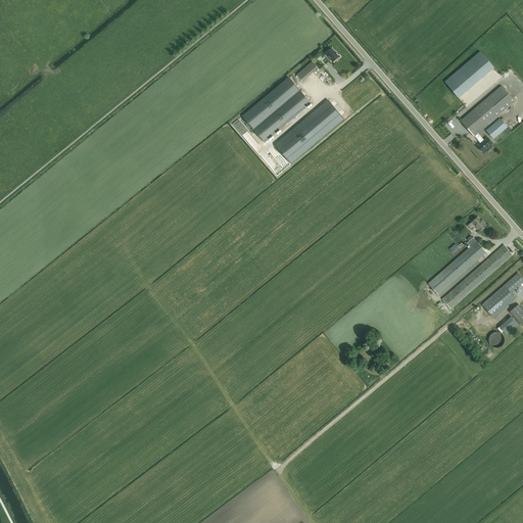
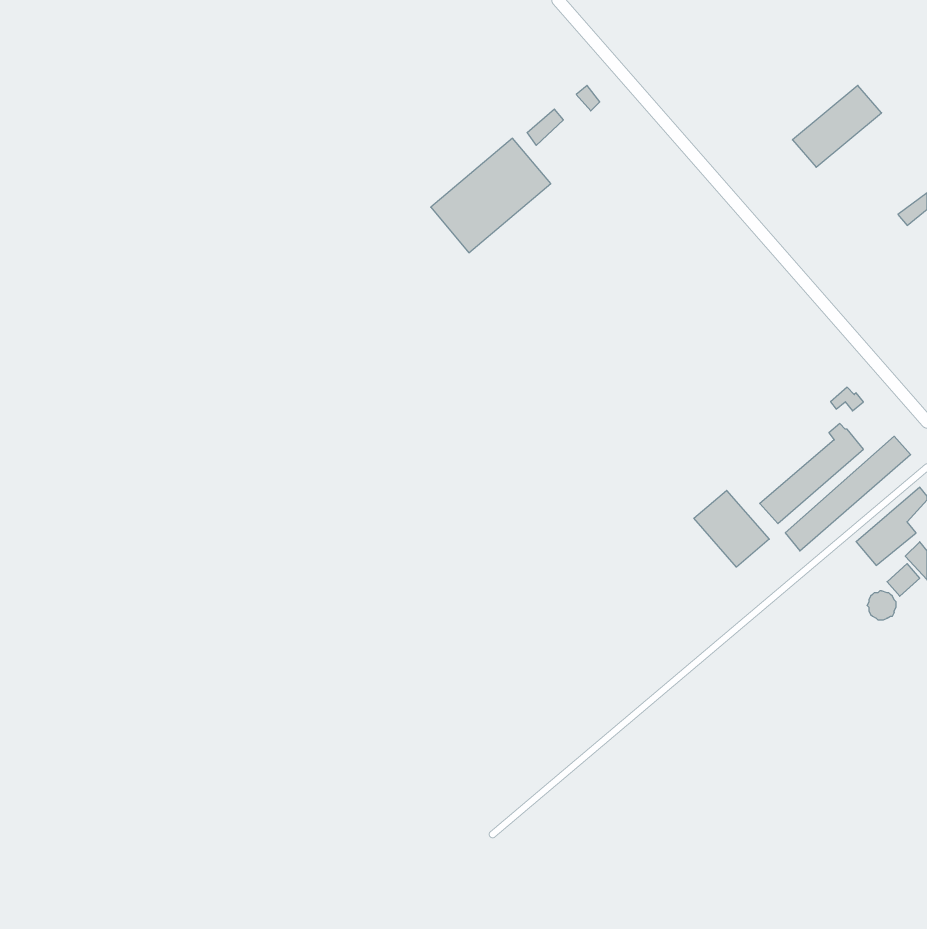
building: [460,86,514,152] -> none
building: [274,100,342,163] -> none
building: none -> [694,490,769,567]

